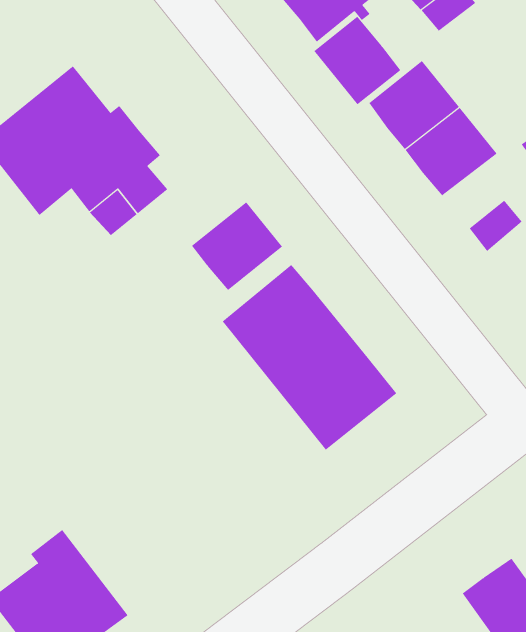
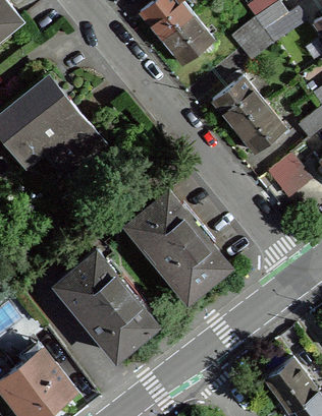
building: [314,16,401,105] -> none
building: [191,201,283,291] -> none
building: none -> [57,250,157,356]

